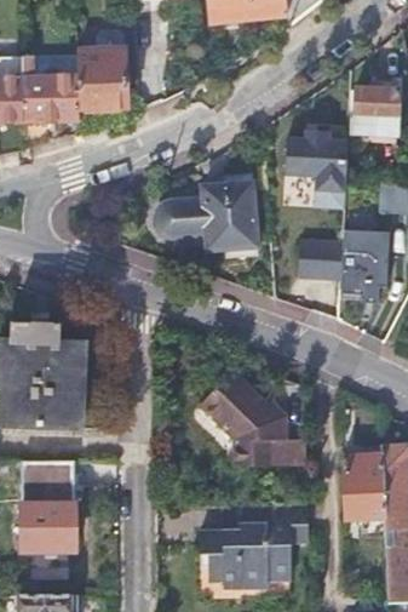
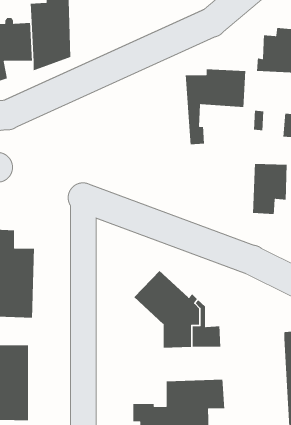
building: [157,175,255,256] -> none
building: [298,236,339,278] -> none
building: [343,453,384,520] -> none

